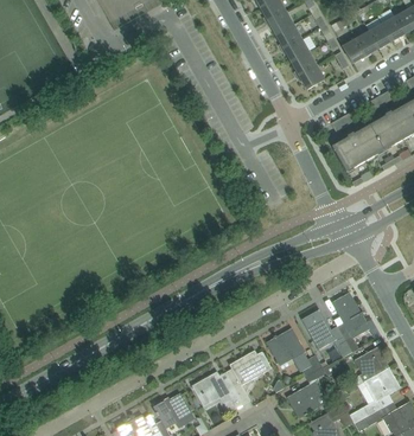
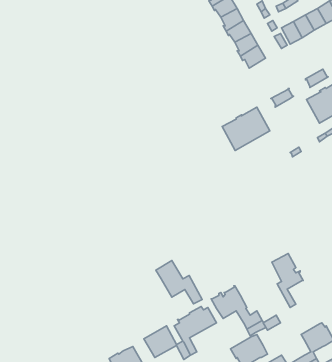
building: [332,124,384,172] -> [222,107,270,150]
building: [301,309,352,357] -> [156,260,202,304]
building: [358,346,387,382] -> none

